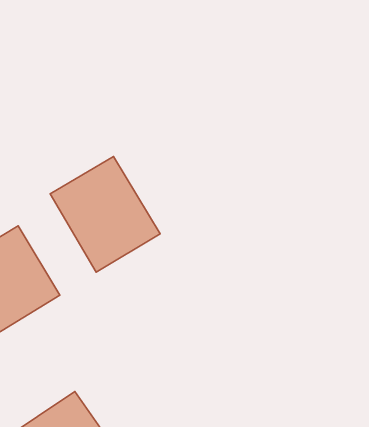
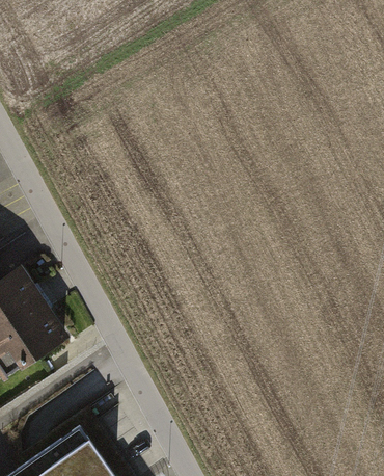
building: [50,156,160,272] -> none

